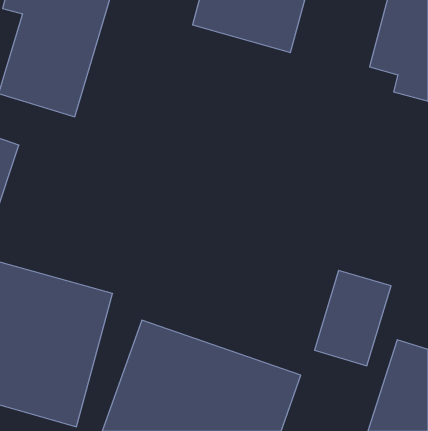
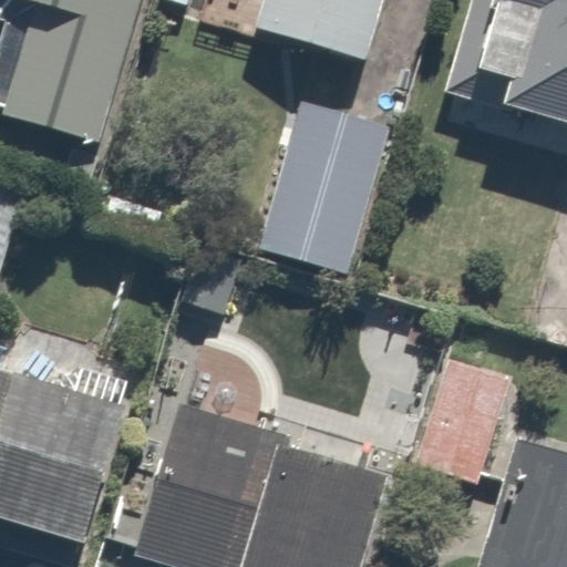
building: none -> [250,103,384,267]

